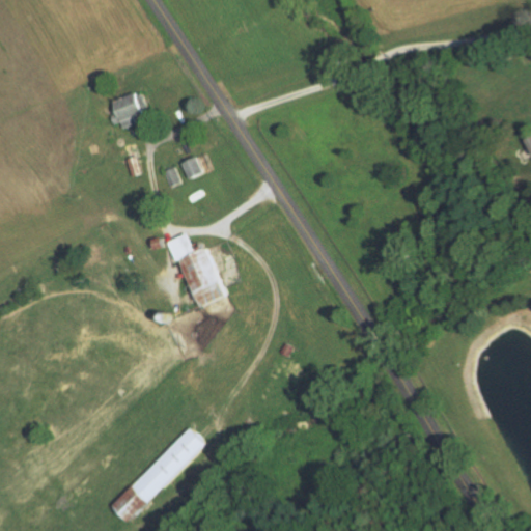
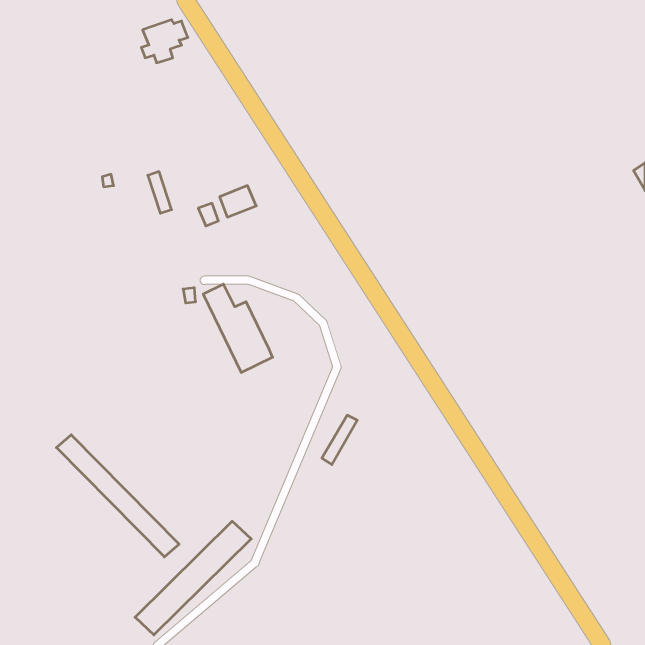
building: [110,92,148,128] -> [141,20,188,63]
building: none -> [56,435,179,557]

